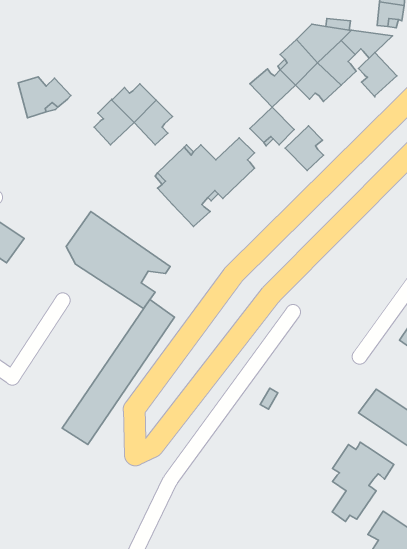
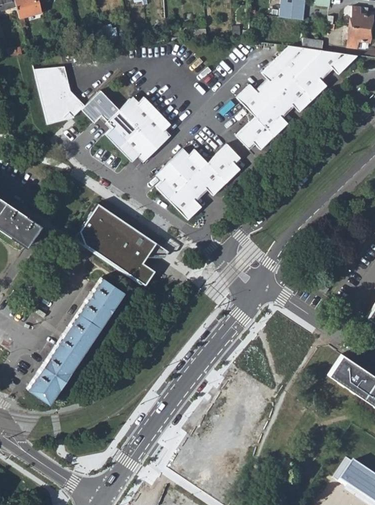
building: none -> [33,67,70,98]
building: [359,53,397,97] -> none
building: none -> [81,90,119,122]
building: none -> [118,129,156,162]
building: [285,126,324,170] -> [256,97,289,135]
building: [62,300,174,445] -> [30,281,126,405]
building: [332,442,394,521] -> none

